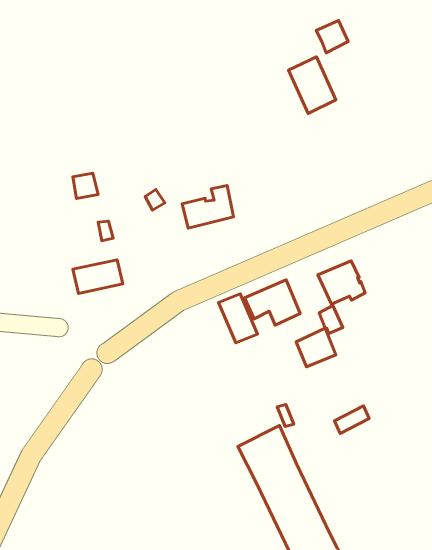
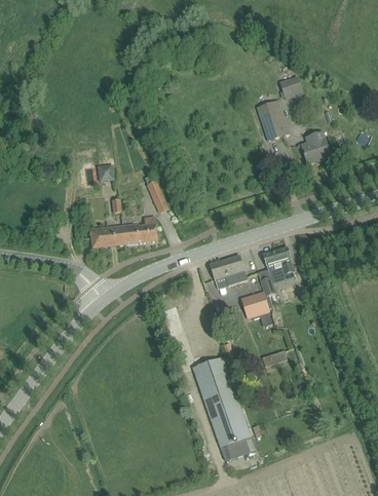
building: none -> [301,130,331,162]
building: [182,186,234,228] -> [122,218,157,244]
building: [219,294,258,343] -> none

